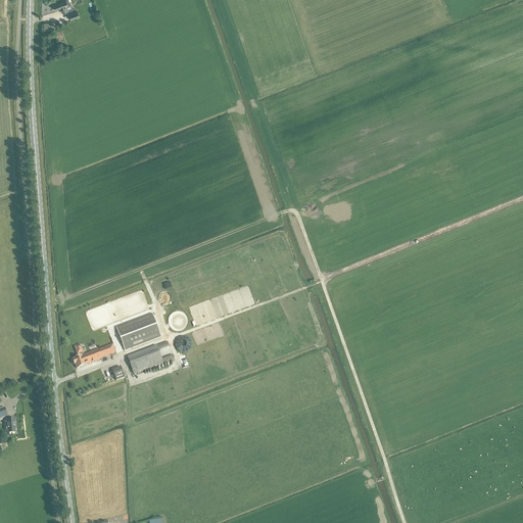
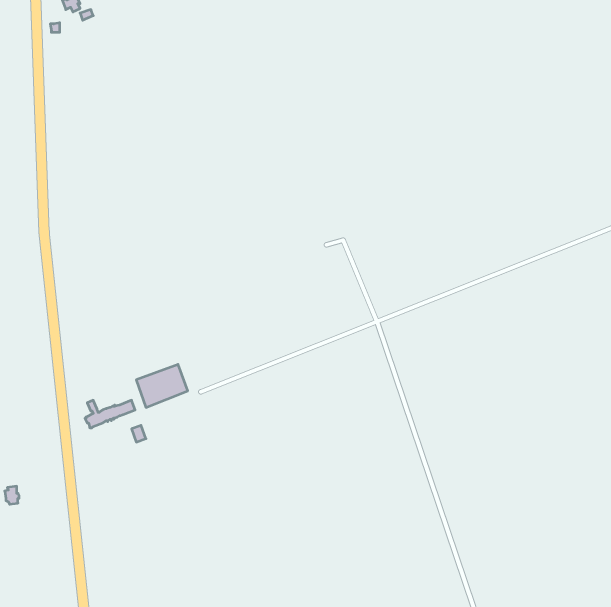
building: [128,339,174,371] -> none

